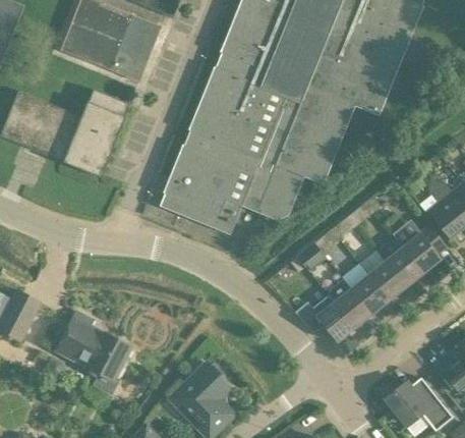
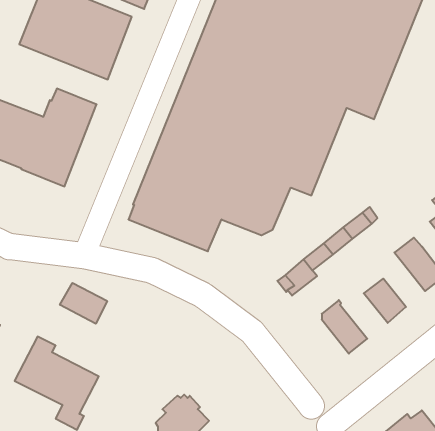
building: [386,245,423,285] -> none
building: [343,262,390,314] -> none
building: none -> [60,283,107,324]
building: [296,296,355,342] -> none

